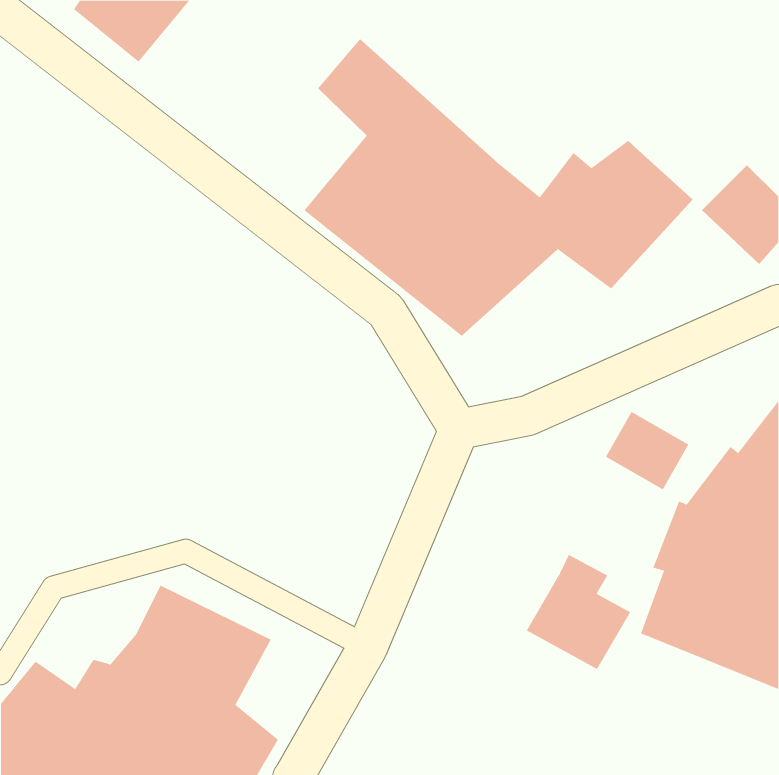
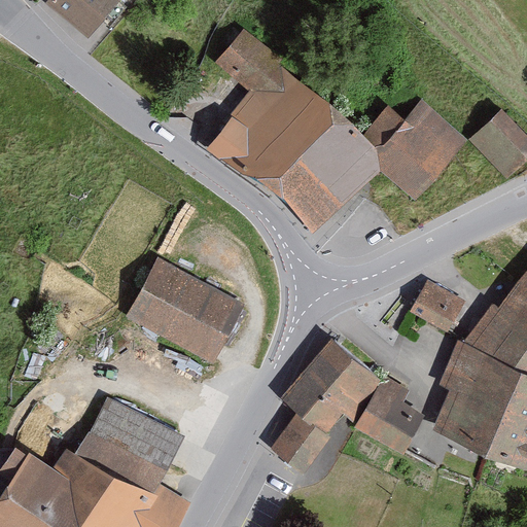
building: none -> [127,259,241,361]
building: none -> [271,341,382,477]

